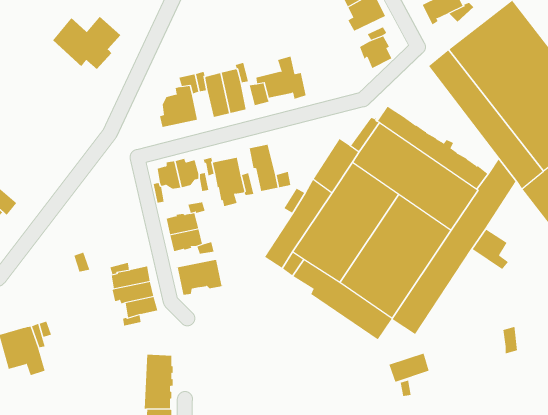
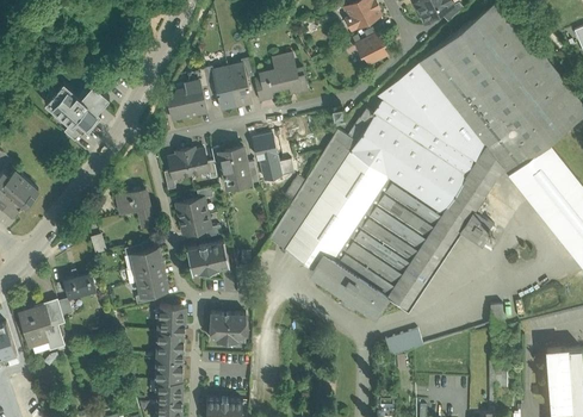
building: [52,16,121,70] -> [44,82,108,132]
building: none -> [377,63,485,163]
building: none -> [116,191,153,228]
building: none -> [62,273,95,299]
building: none -> [157,307,185,334]
building: none -> [209,313,246,341]

